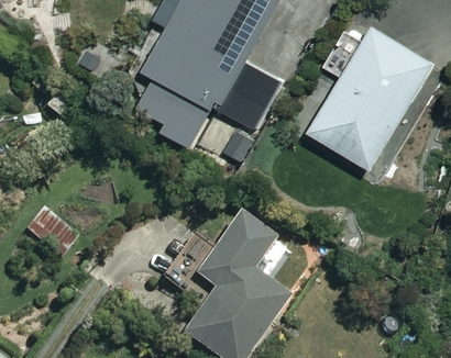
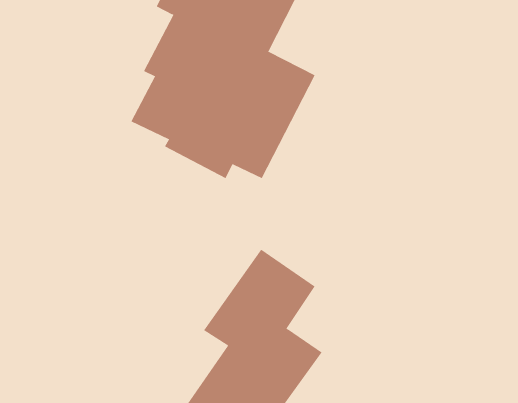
building: [310,27,435,170] -> none

